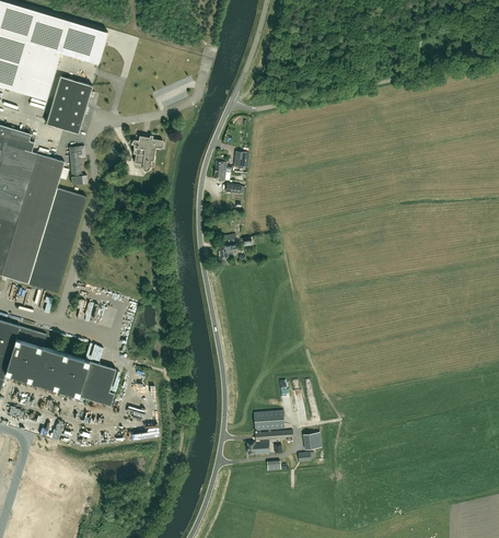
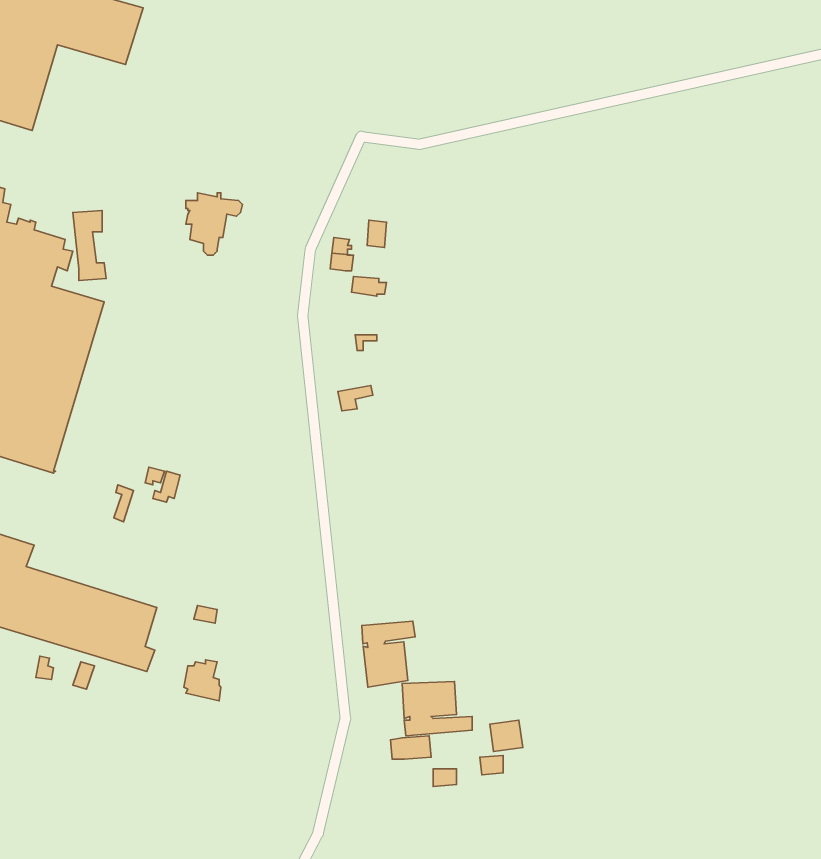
building: [44,75,91,133] -> none
building: none -> [362,621,415,687]

